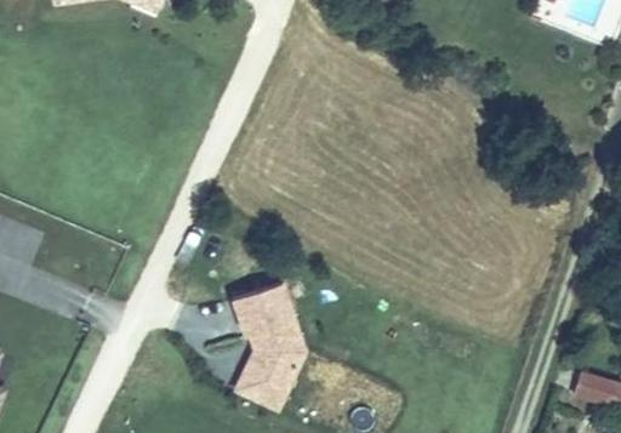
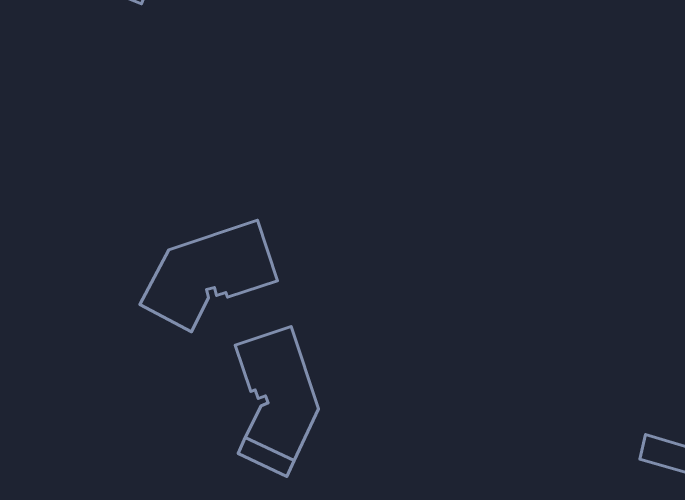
building: none -> [140,220,278,332]

